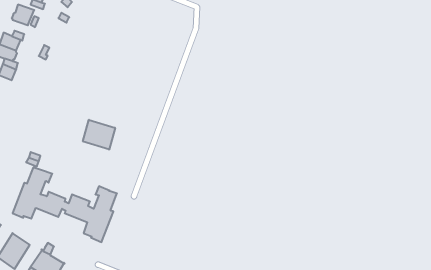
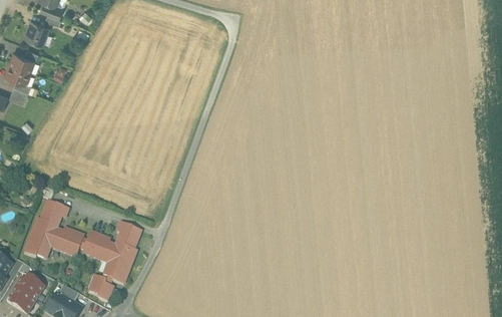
building: [83,120,115,150] -> none
building: none -> [88,274,113,300]

